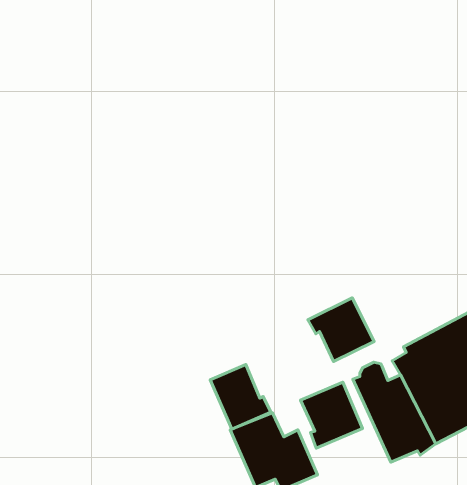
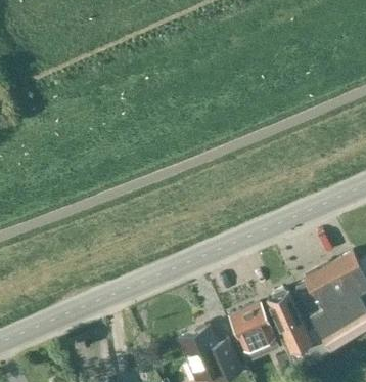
building: [308,298,374,361] -> none
building: [210,365,271,429] -> none

